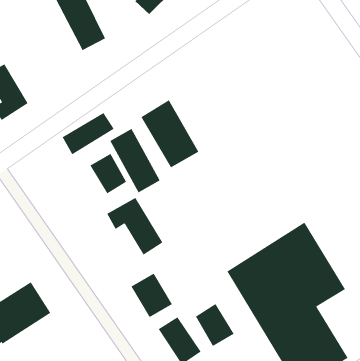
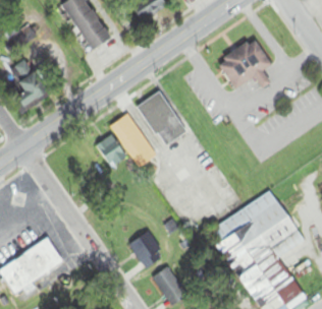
building: none -> [217,38,272,88]
building: [62,112,114,155] -> none
building: [106,197,163,256] -> none
building: [195,303,235,347] -> none

